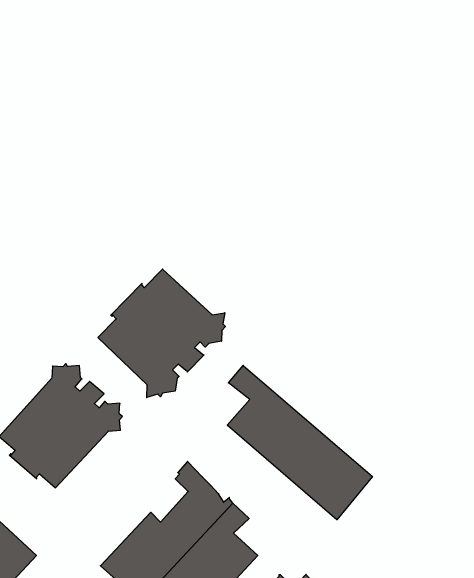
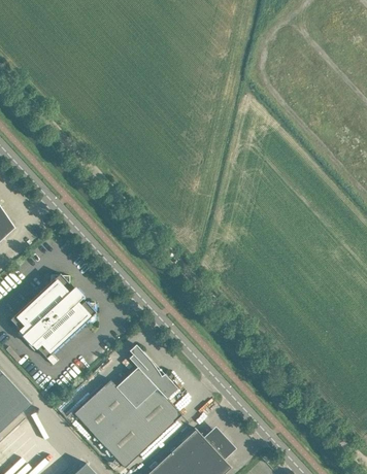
building: [98,269,225,398] -> none
building: [227,365,372,520] -> none

